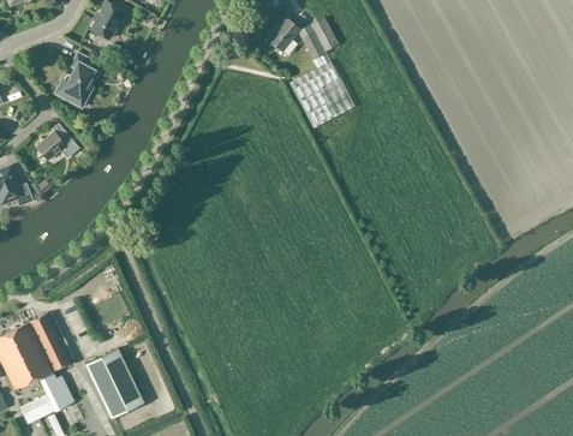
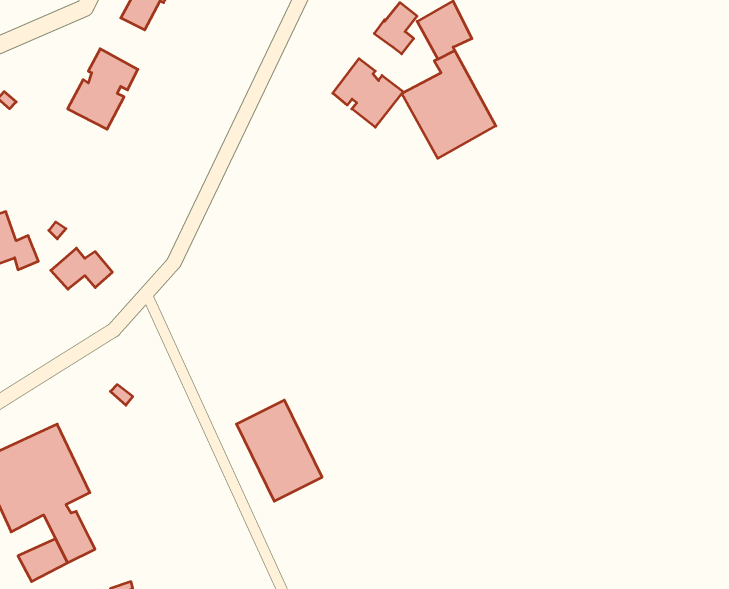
building: none -> [333,59,403,127]
building: [36,131,79,160] -> [51,248,112,289]
building: [84,347,144,418] -> [236,400,322,501]

